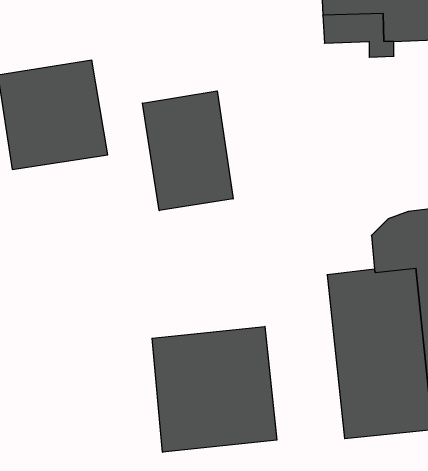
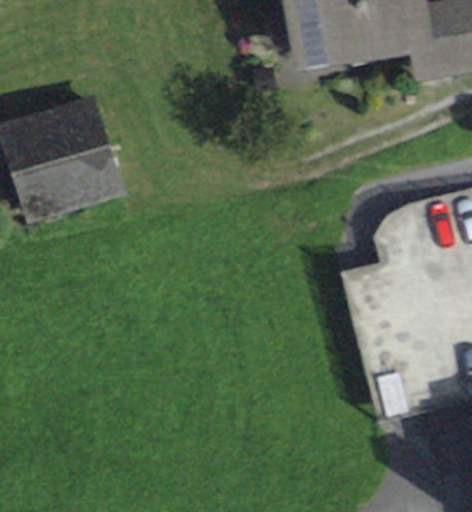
building: [142,91,233,211] -> none
building: [152,326,277,452] -> none

